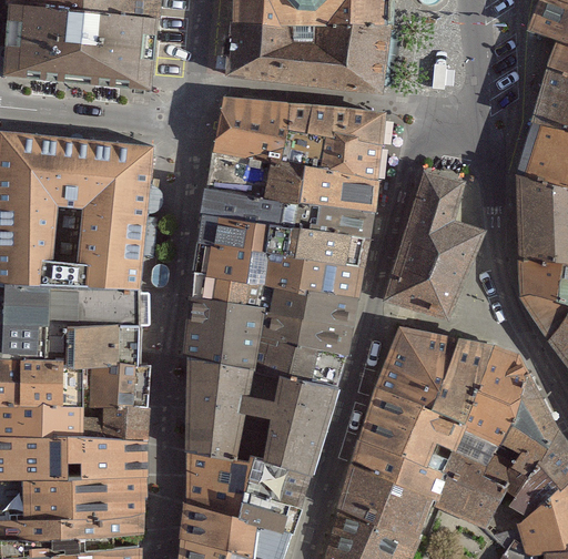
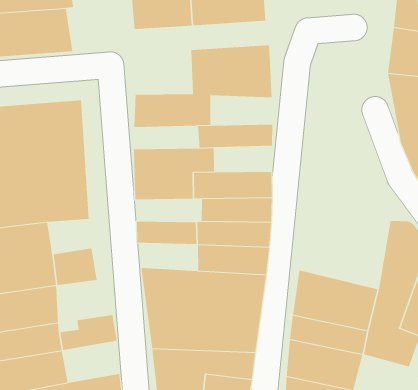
building: [214,101,288,160] -> none
building: [298,165,376,211] -> none
building: [387,171,480,315] -> none
building: [202,189,282,225] -> none
building: [294,227,367,266] -> none
building: [192,274,273,312] -> none
building: [88,284,138,323] -> none
building: [189,325,260,369] -> none
building: [375,327,491,425] -> none
building: [82,360,148,405] -> none
building: [81,437,148,477] -> none

